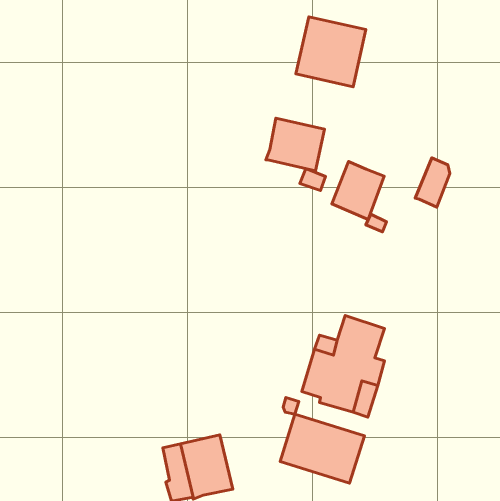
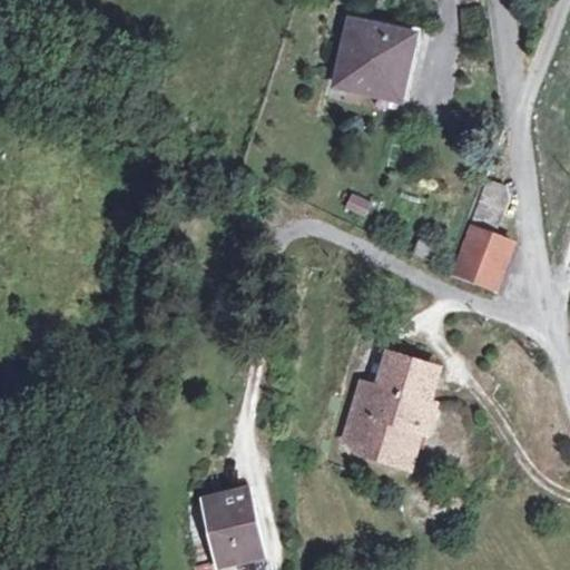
building: [266,118,325,171] -> none
building: [332,161,384,220] -> [454,225,513,291]
building: [280,414,364,483] -> none

